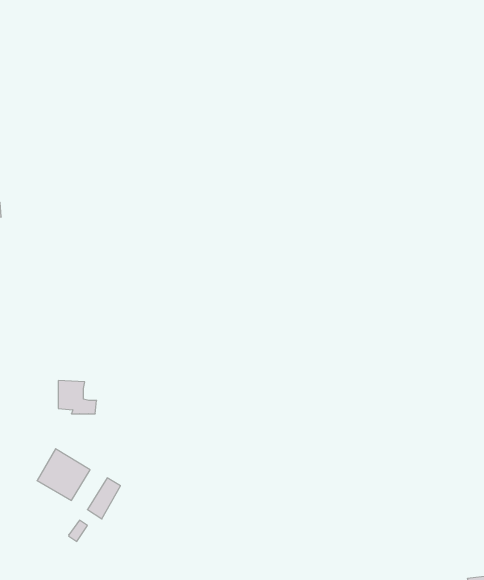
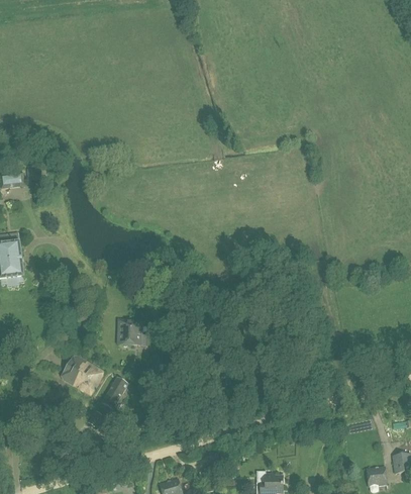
building: [58,381,97,414] -> [117,318,146,343]

